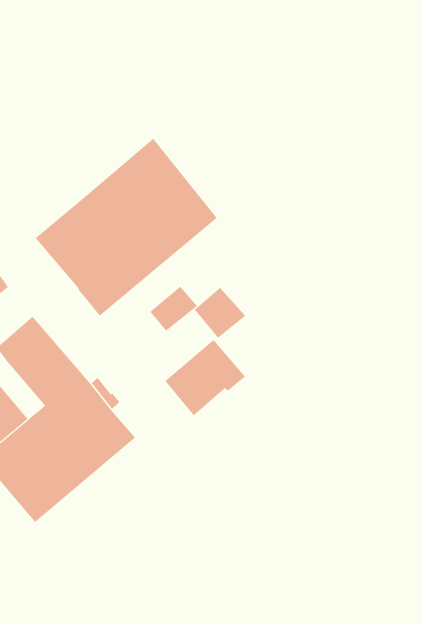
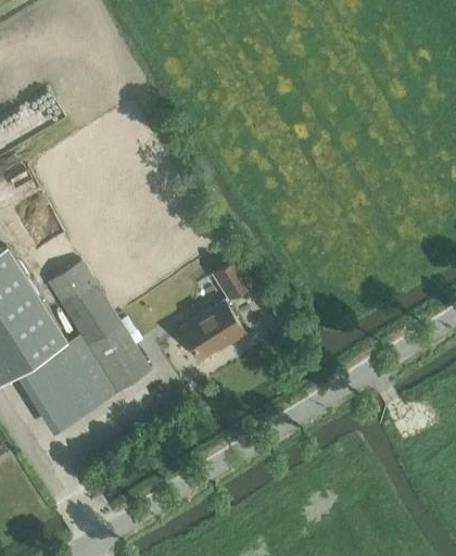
building: [35,138,218,317] -> none
building: [150,286,198,332] -> none

